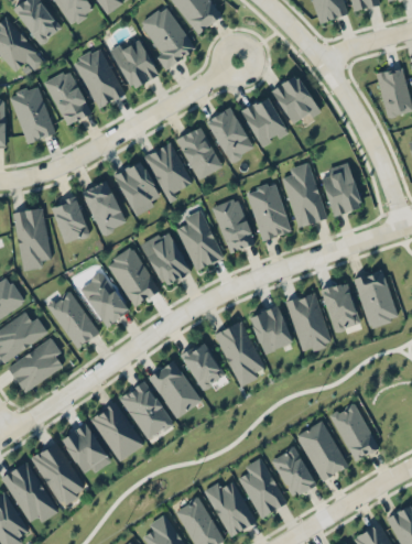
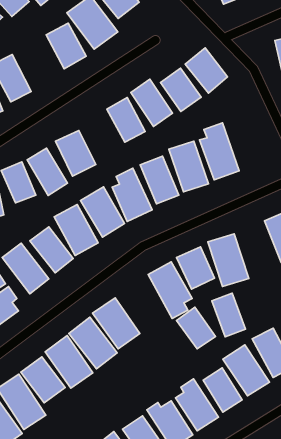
building: [74,46,124,108] -> none
building: [144,142,194,200] -> none
building: [321,163,361,216] -> none
building: [322,281,359,331] -> [212,293,245,337]
building: [181,340,225,389] -> [177,307,215,349]

